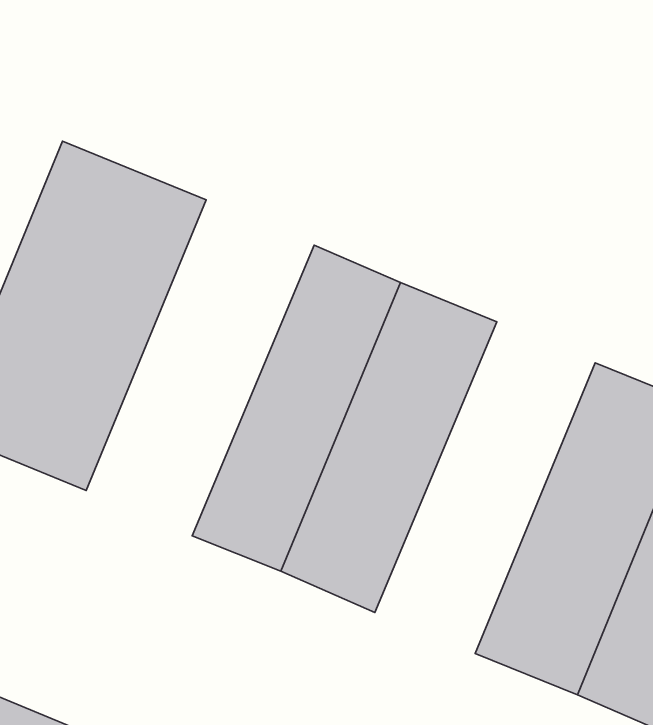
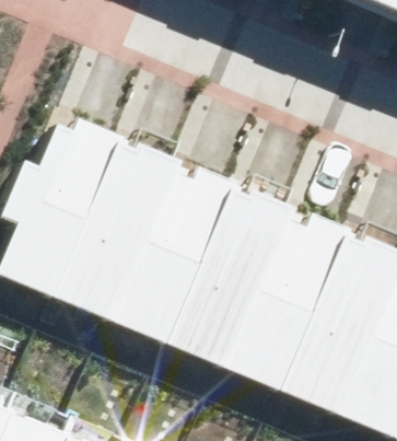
building: none -> [72,142,199,329]
building: none -> [233,210,355,395]

